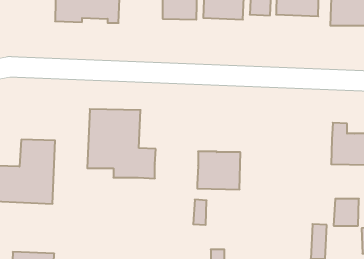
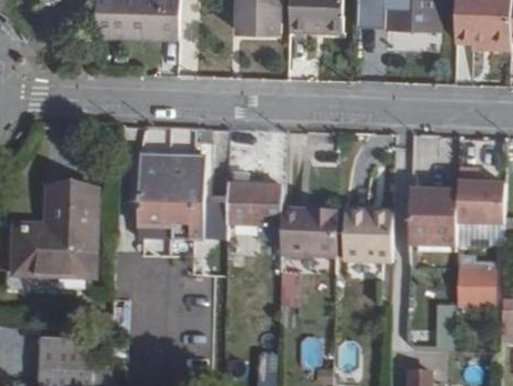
building: none -> [225,171,283,226]
building: none -> [409,190,457,247]
building: none -> [342,209,393,262]

